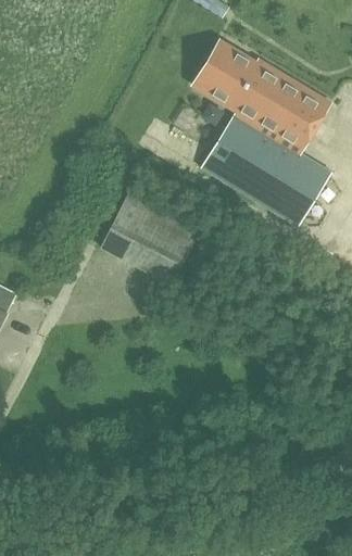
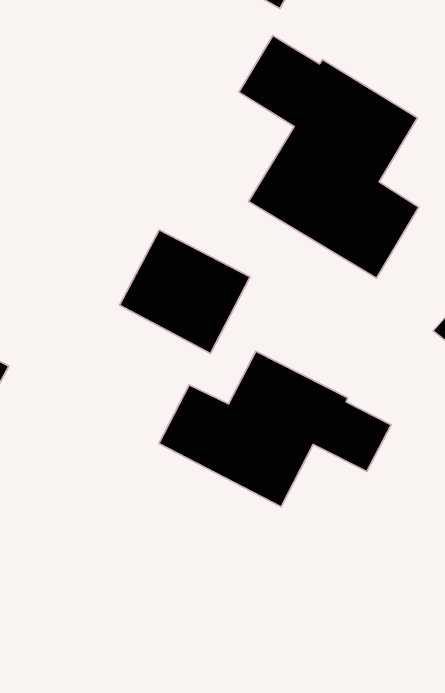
building: none -> [159,351,391,507]

